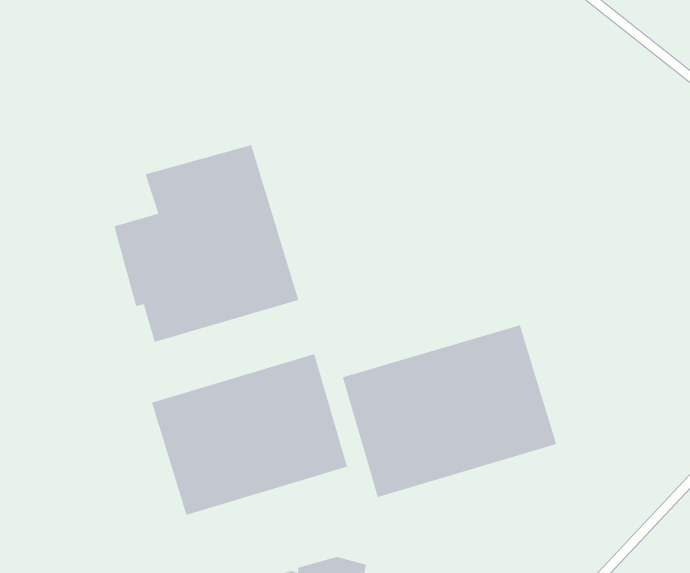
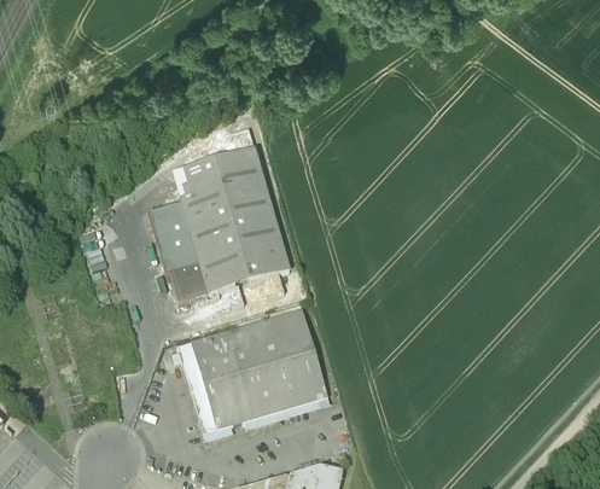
building: [342,324,557,498] -> none

